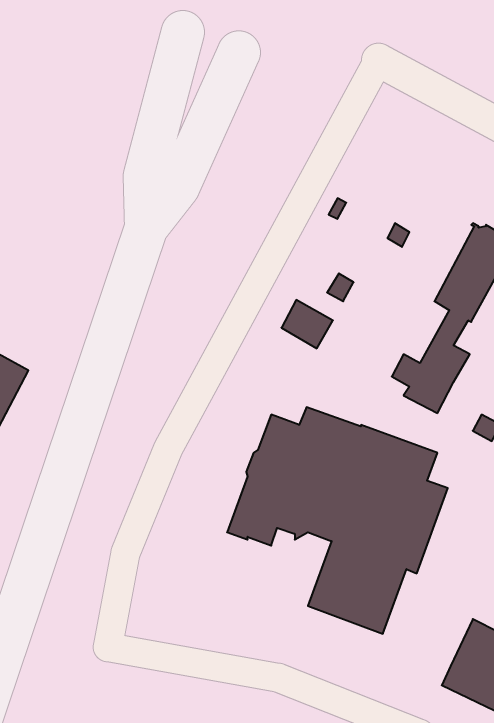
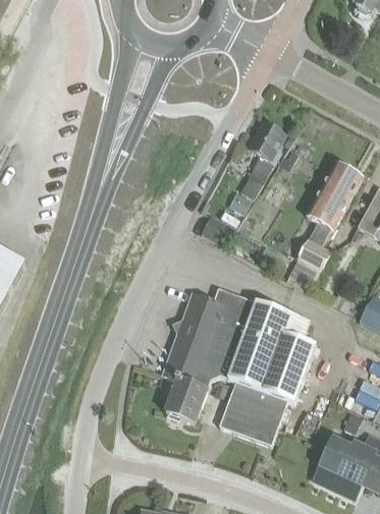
building: none -> [240,119,285,197]
building: none -> [165,370,210,421]

